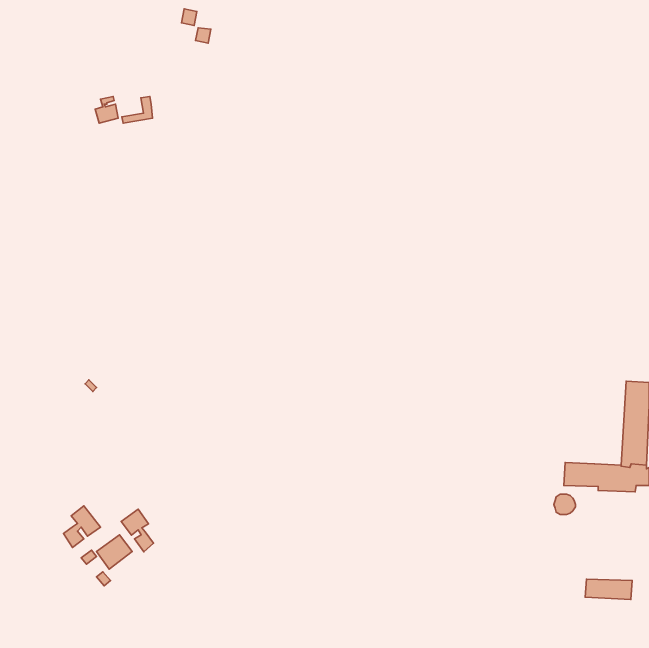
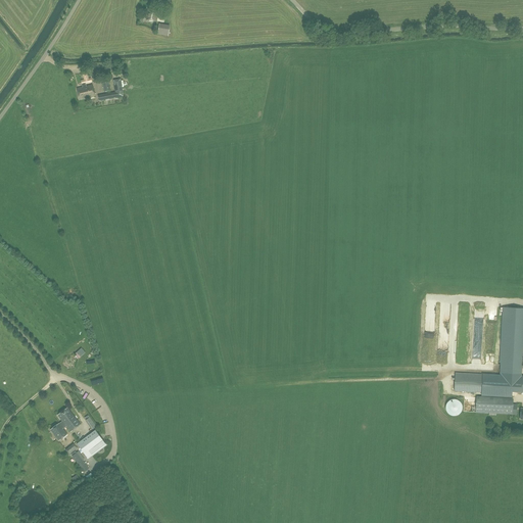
building: [121,509,153,552] -> none
building: [585,579,632,600] -> [475,397,513,414]

